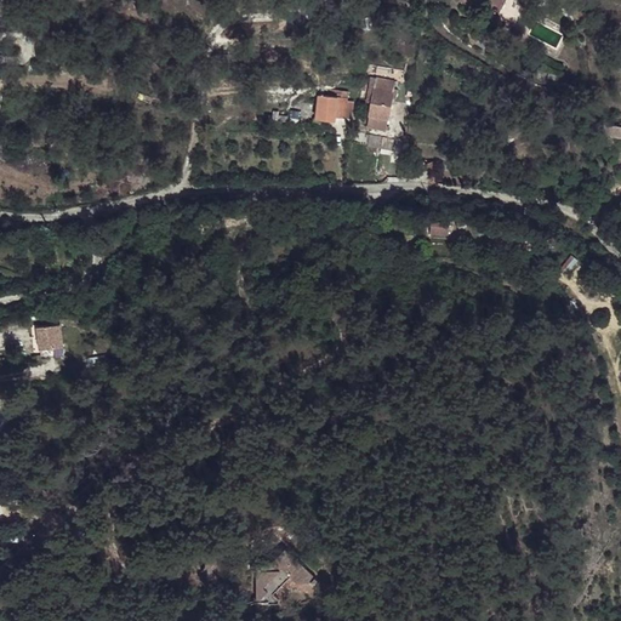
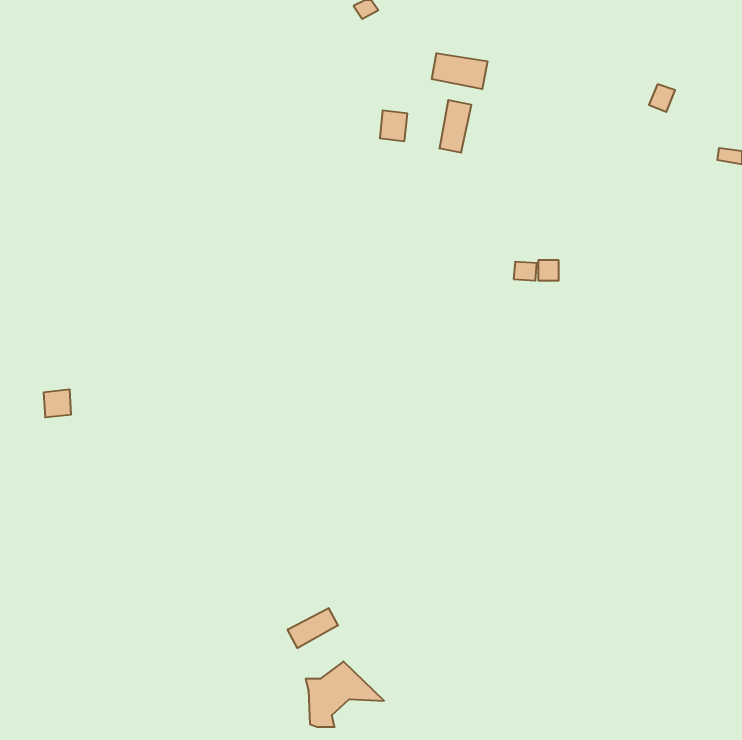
building: none -> [432,53,487,89]
building: none -> [288,608,338,648]

